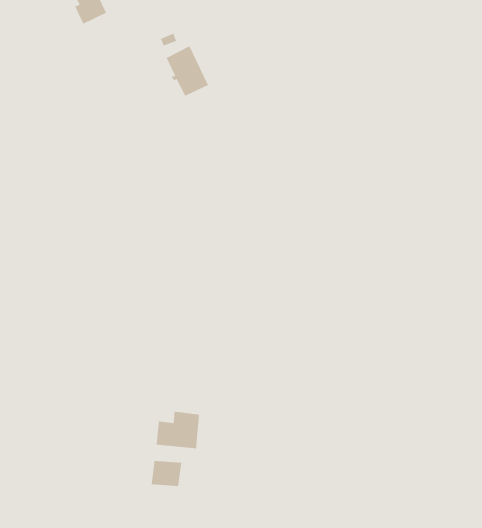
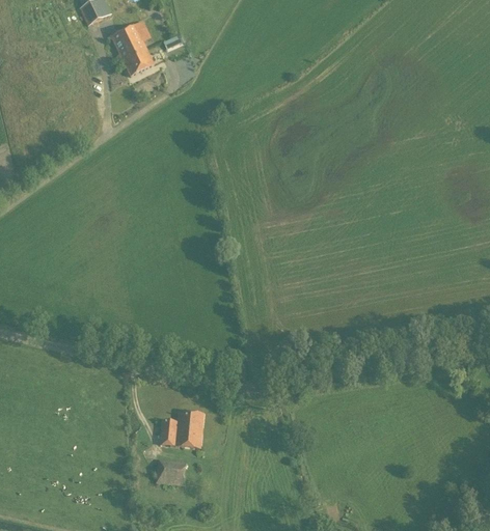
building: [166,45,209,96] -> [112,24,155,75]

